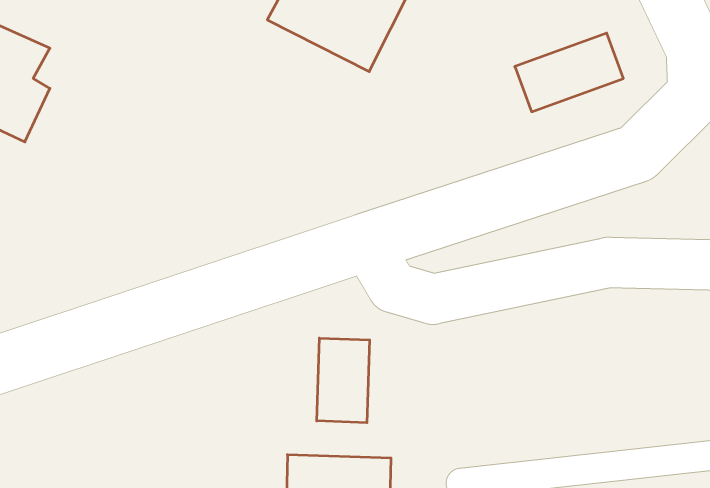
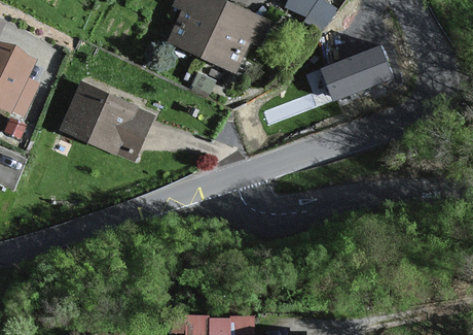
building: none -> [59,79,151,163]
building: [317,338,370,423] -> none

